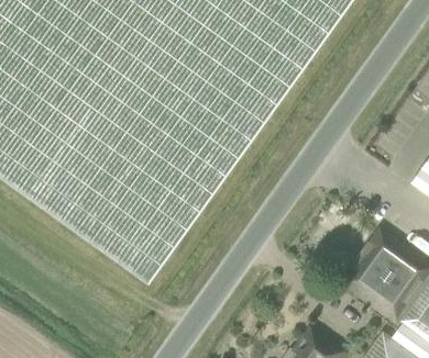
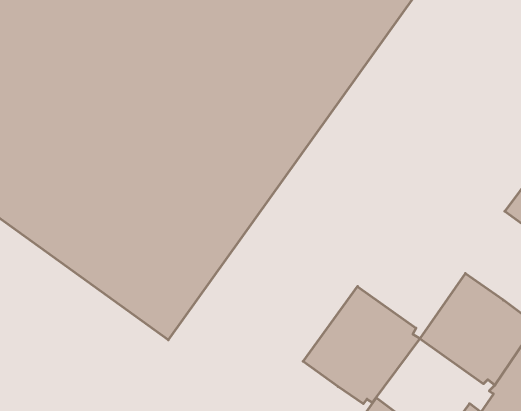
building: none -> [303,286,420,404]

